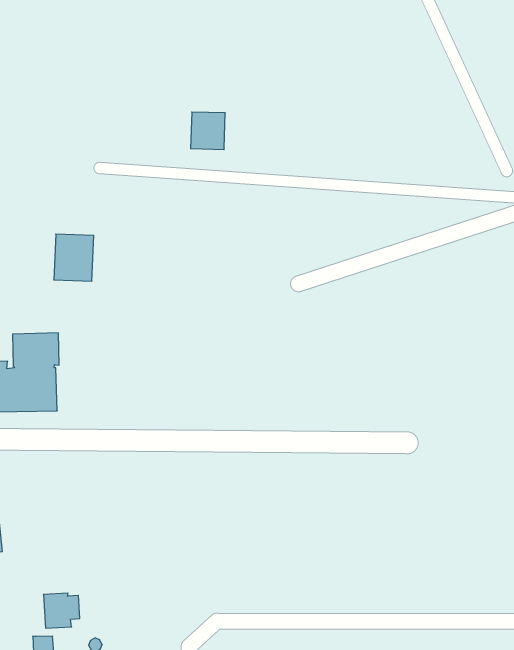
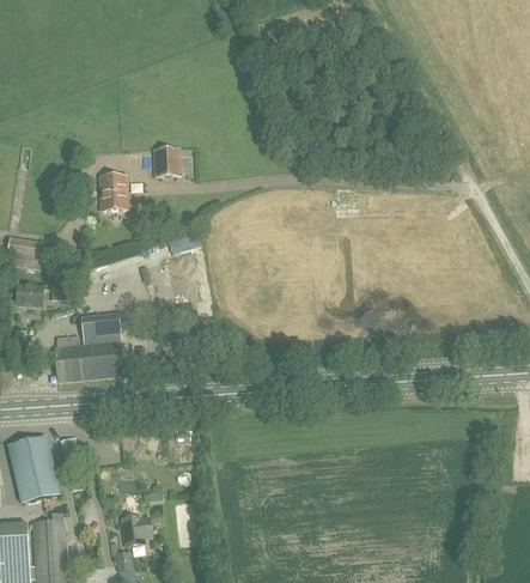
building: [191,112,225,150] -> [152,146,179,176]
building: [54,234,94,281] -> [97,174,128,211]

